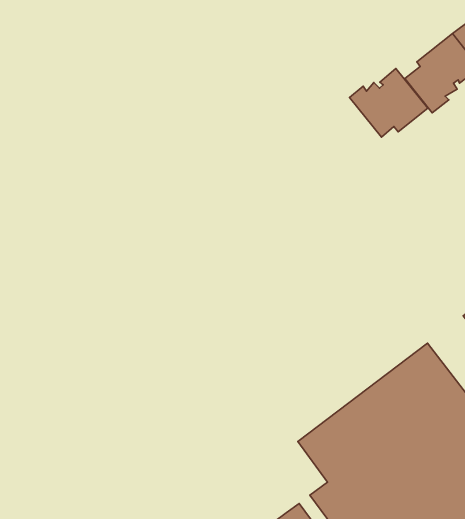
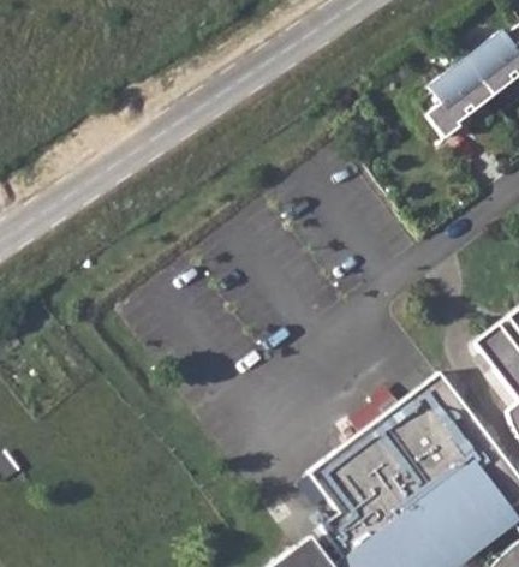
building: [350,69,428,137] -> none

